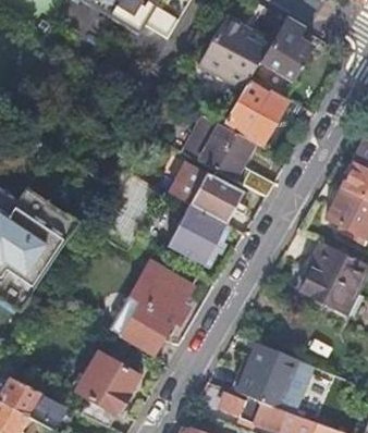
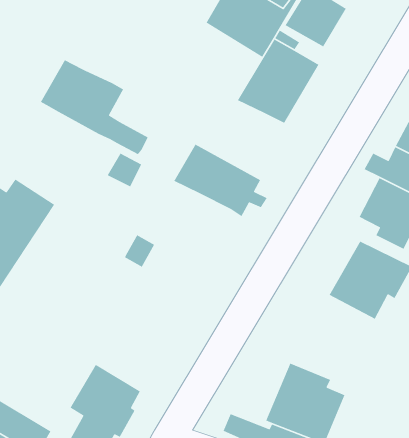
building: [182,116,273,197] -> [40,59,149,155]
building: [167,203,229,267] -> none
building: [111,259,193,352] -> none

